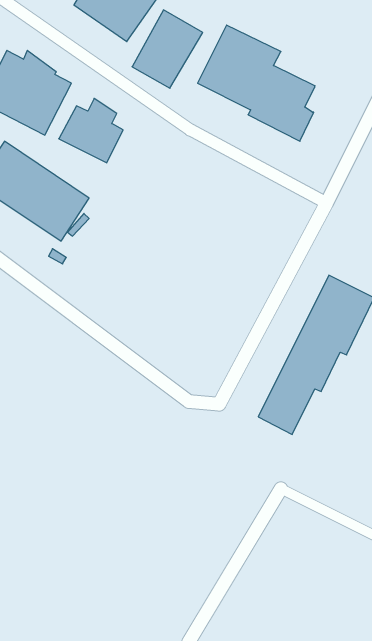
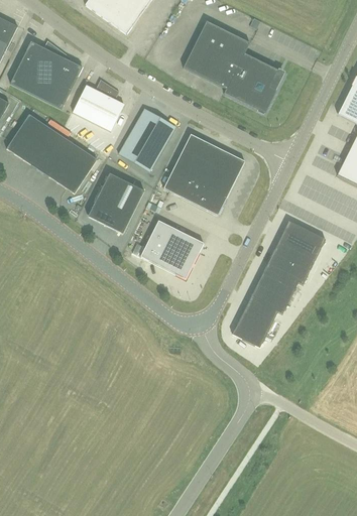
building: [132,10,203,88] -> [119,109,175,171]
building: none -> [163,133,245,215]
building: none -> [88,173,144,234]
building: none -> [137,214,201,273]

